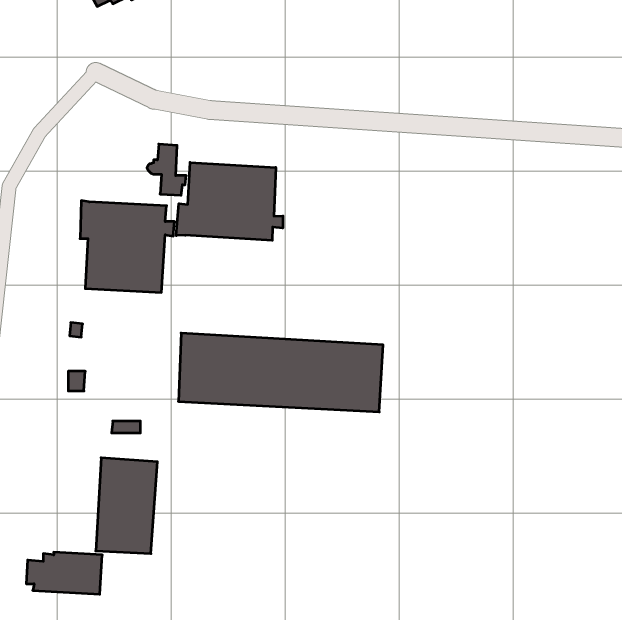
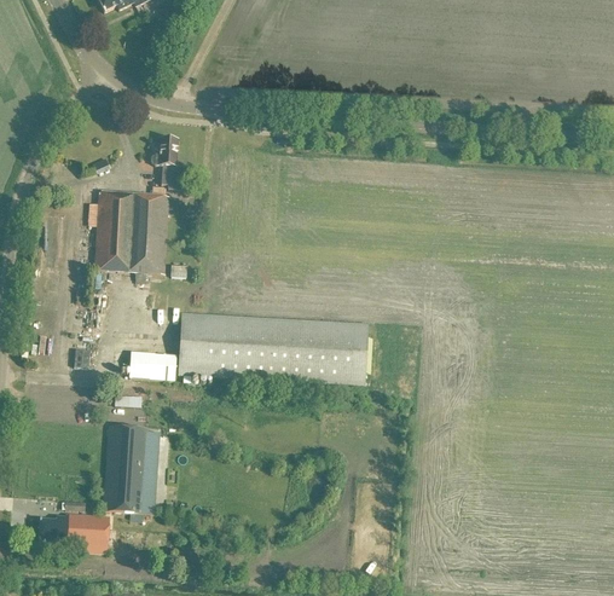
building: [176,162,283,240] -> none
building: none -> [129,351,176,378]

